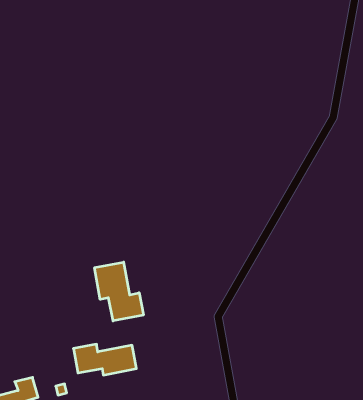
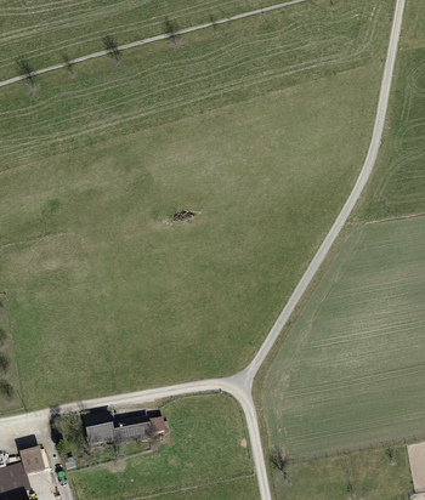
building: [95,262,143,321] -> none

